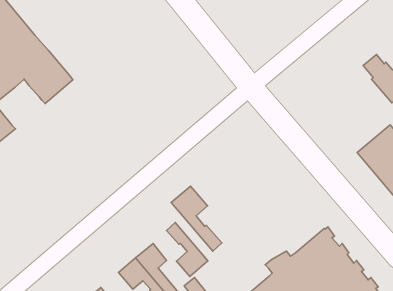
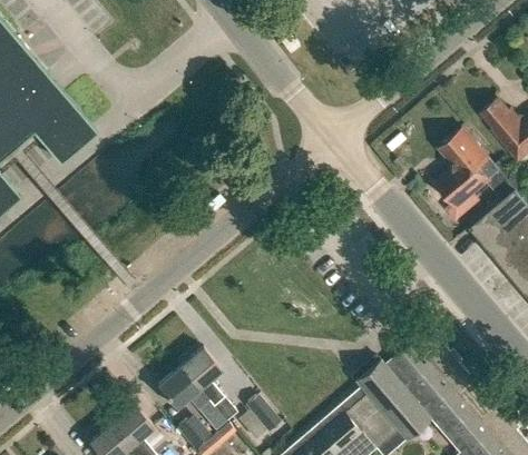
building: none -> [436,130,499,209]
building: [171,186,222,251] -> none
building: [167,223,208,277] -> none

